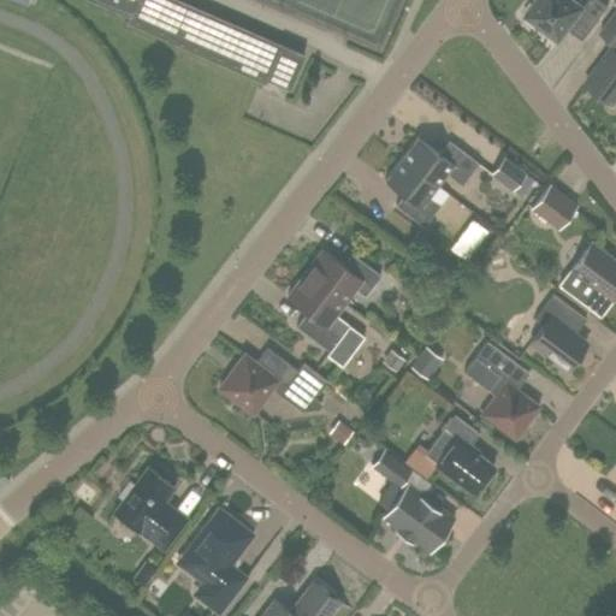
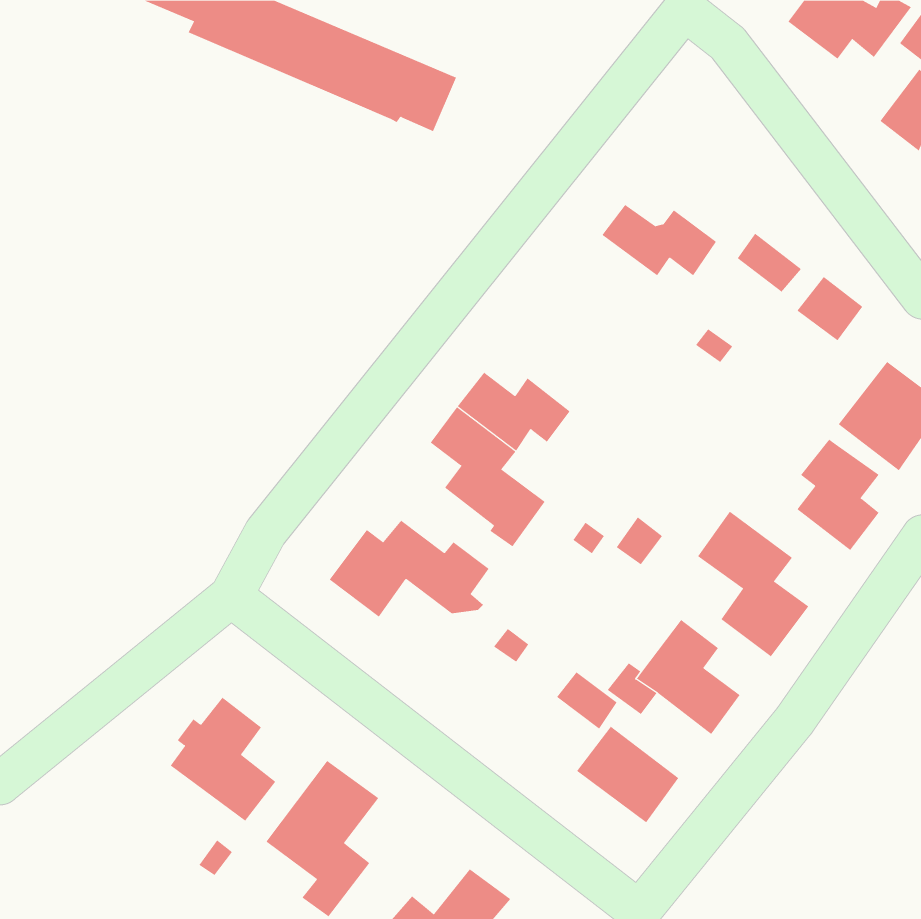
building: [386,159,442,227] -> none

